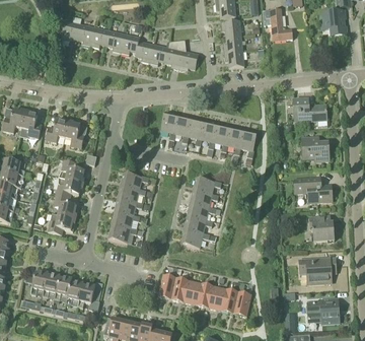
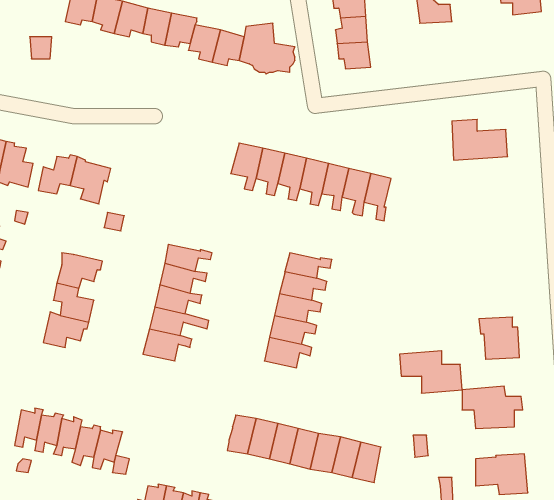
building: [301,137,328,160] -> none
building: [59,159,86,183] -> none
building: [294,177,332,202] -> [400,351,462,393]

